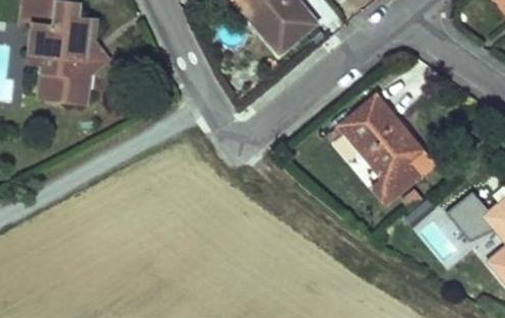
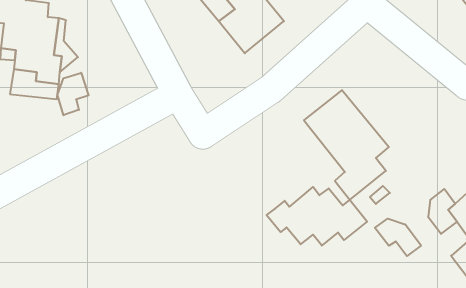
building: none -> [57,73,89,115]
building: none -> [267,187,367,246]
building: none -> [375,219,421,256]

